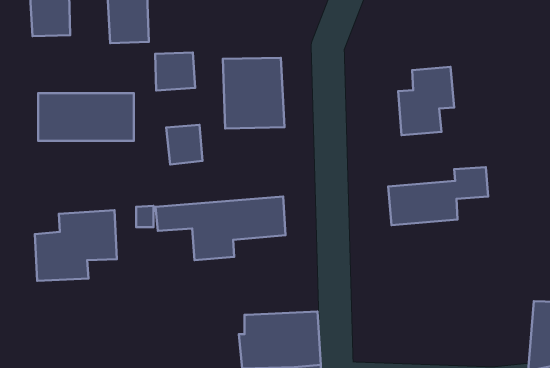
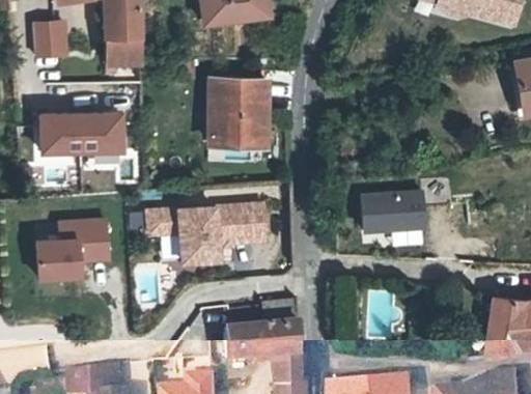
building: [155,53,195,90] -> none
building: [398,67,454,135] -> none
building: [166,125,202,164] -> none

